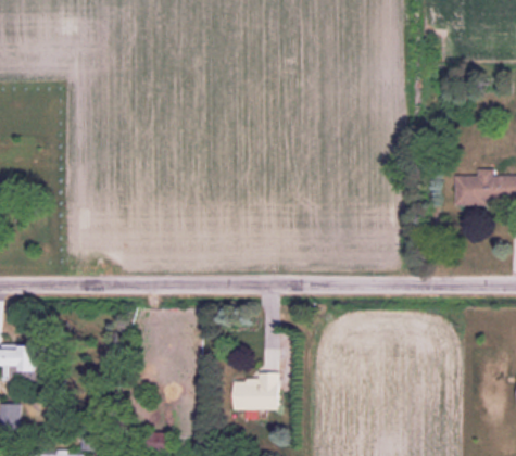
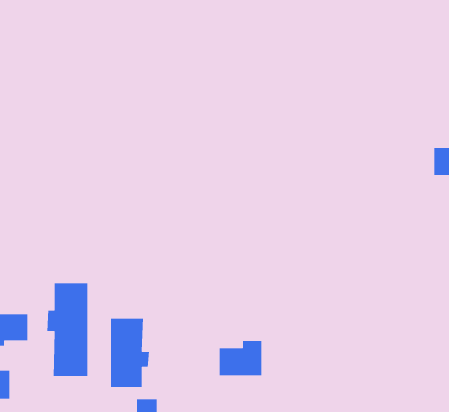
building: none -> [46,282,88,377]
building: none -> [110,318,150,388]

